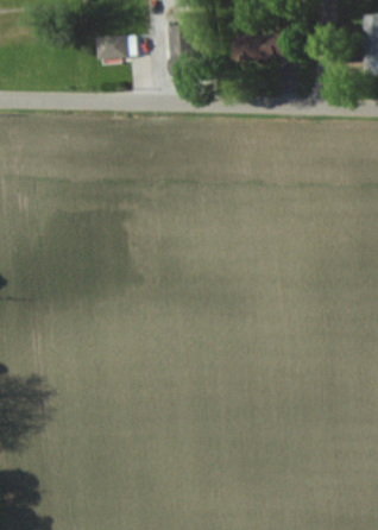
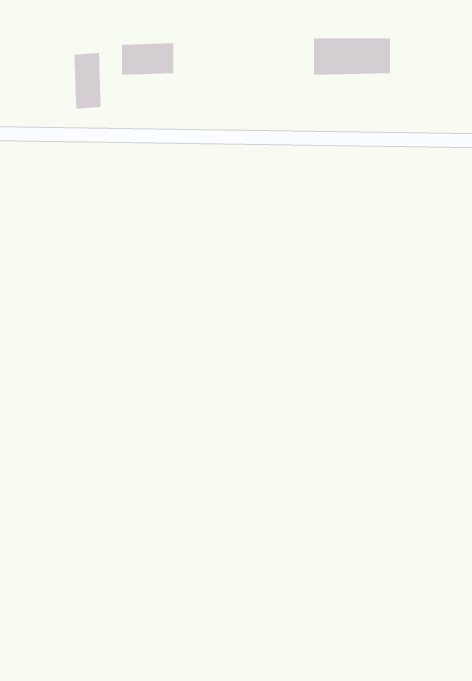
building: none -> [74,52,101,109]

